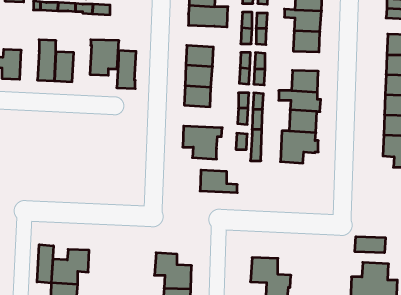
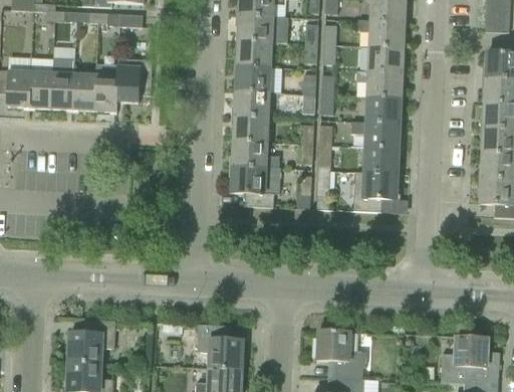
building: none -> [236,39,270,66]
building: none -> [355,69,401,96]
building: none -> [28,70,52,108]
building: [117,51,136,89] -> [93,63,117,111]
building: [200,170,237,193] -> [232,139,278,167]
building: [355,237,385,253] -> none
building: [37,245,53,283] -> none

